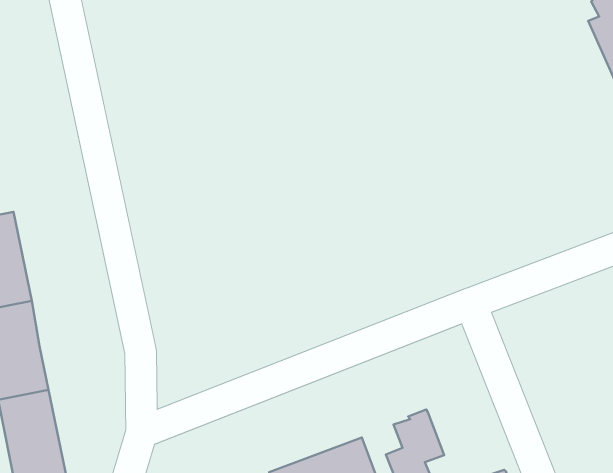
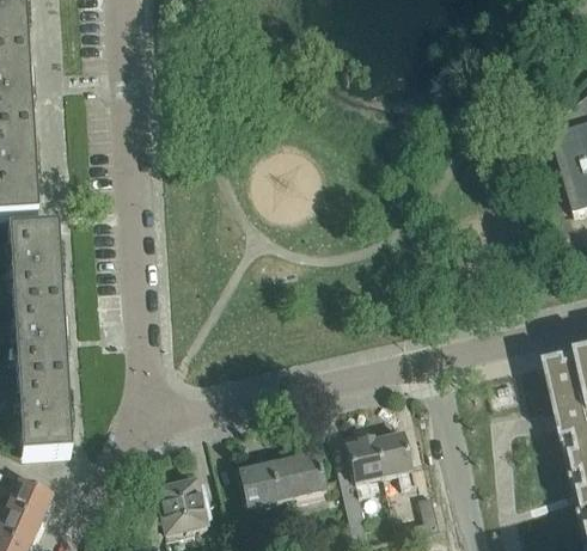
building: none -> [374,431,414,485]

